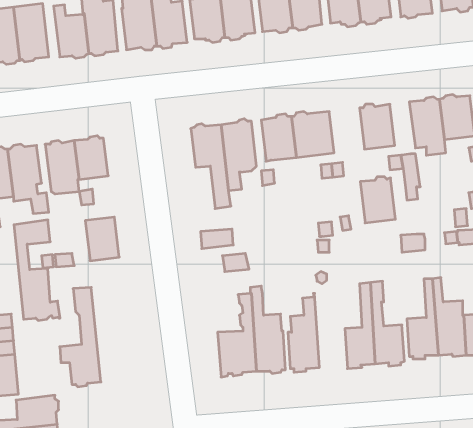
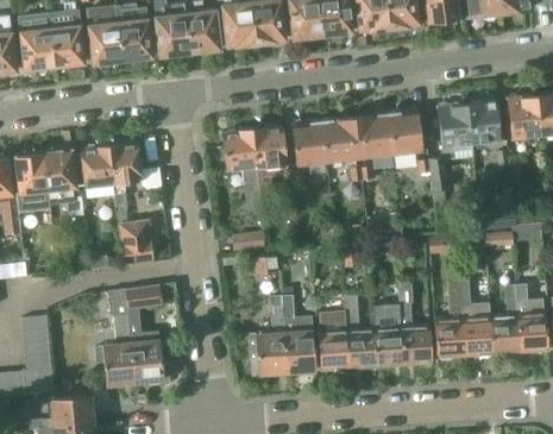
building: [360,177,395,223] -> [358,111,392,156]
building: [14,220,60,320] -> [125,283,170,382]
building: none -> [344,294,376,367]

